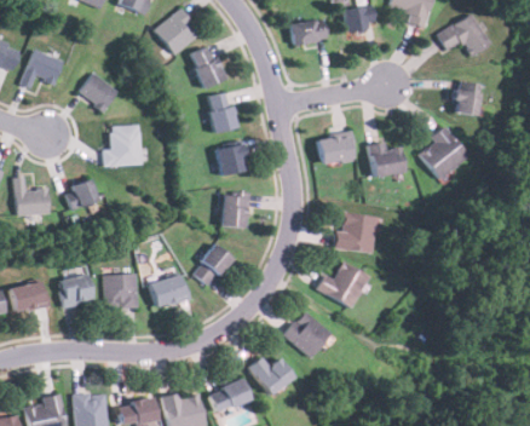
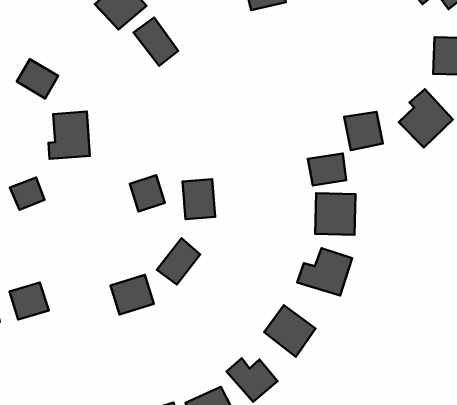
building: [207,92,236,133] -> none
building: [318,137,351,163] -> [308,153,346,185]
building: [217,144,247,175] -> [130,175,165,212]
building: [105,274,138,309] -> none

